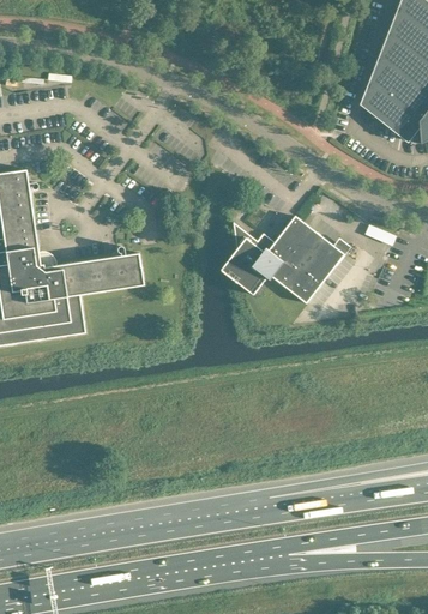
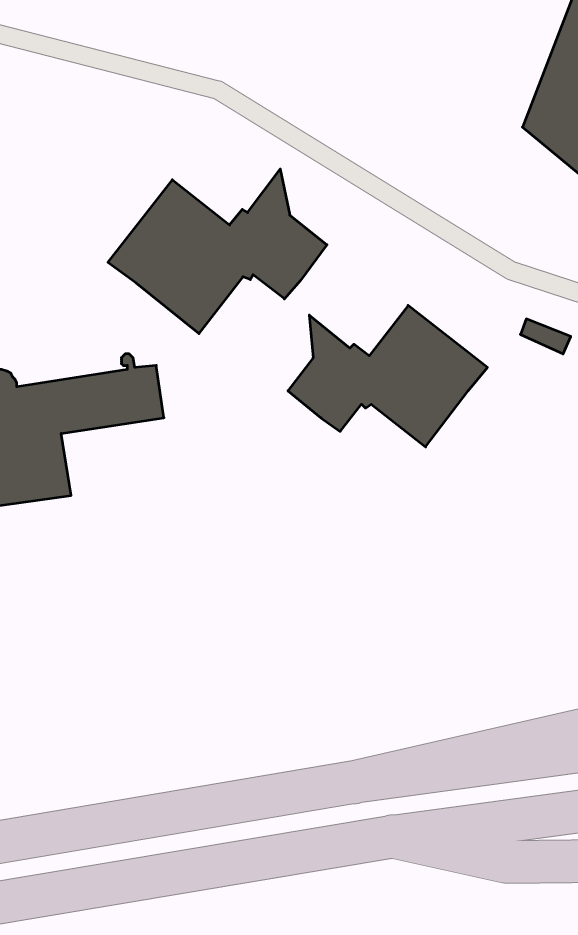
building: none -> [108,169,327,334]

